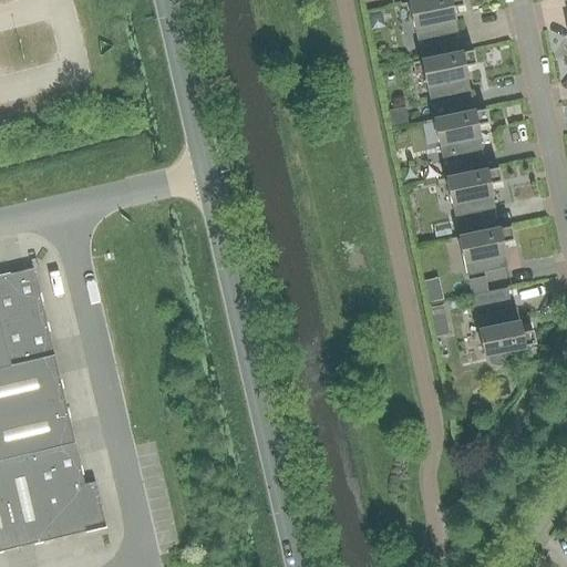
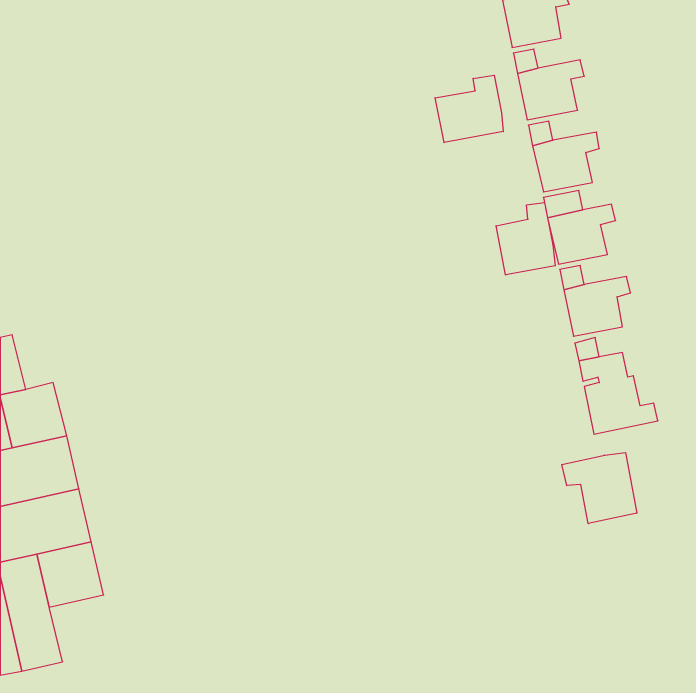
building: none -> [435,75,503,143]
building: none -> [496,202,555,275]
building: [10,267,43,317] -> none
building: none -> [562,453,637,524]
building: [40,484,106,538] -> none

